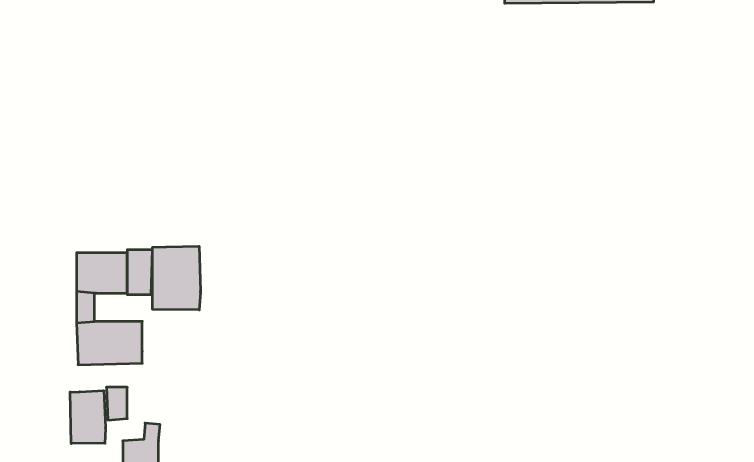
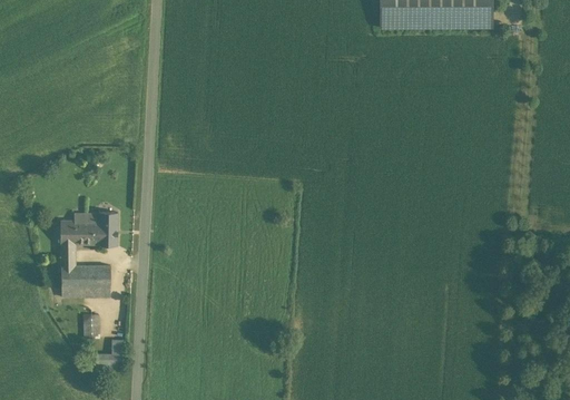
building: [153,246,200,310] -> none
building: [70,391,106,444] -> none

